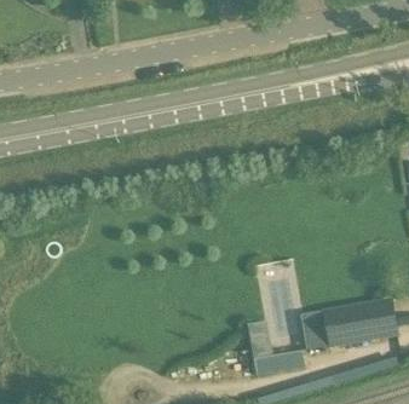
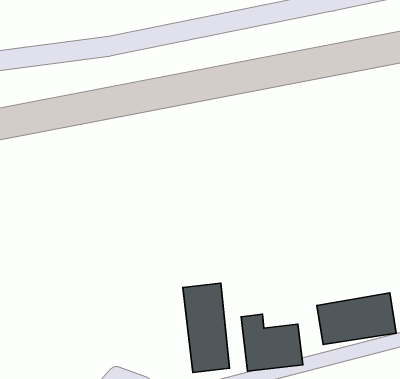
building: none -> [183,283,230,372]

